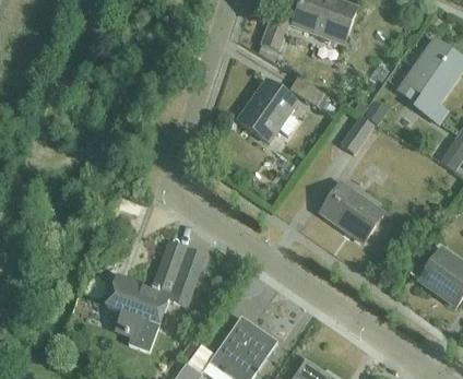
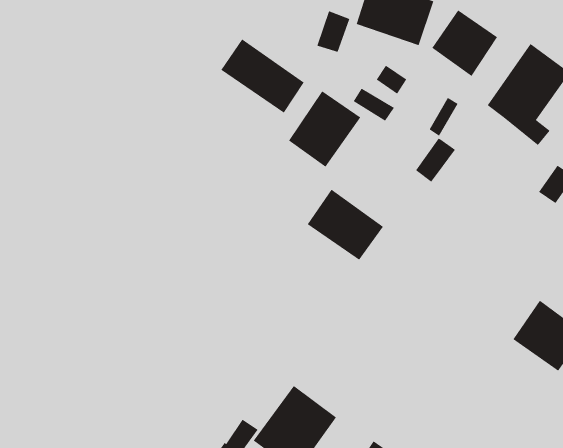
building: none -> [431,10,498,77]
building: none -> [220,39,304,113]
building: [321,182,383,240] -> [307,189,384,261]
building: [106,242,200,350] -> none

